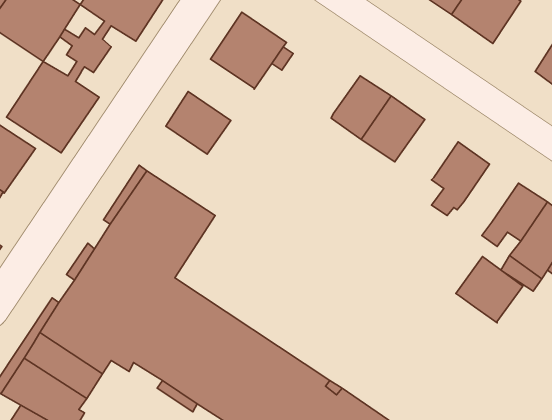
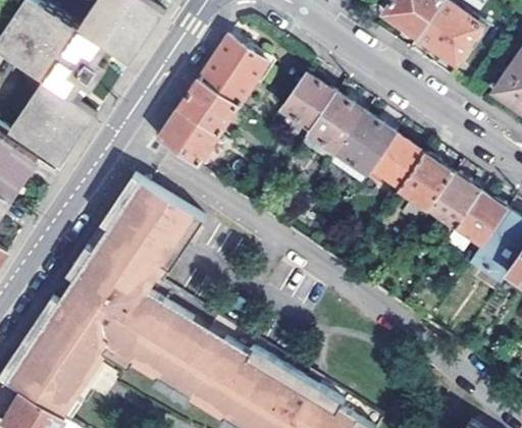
building: none -> [278,72,333,128]
building: none -> [176,78,237,135]
building: none -> [370,133,423,186]
building: none -> [428,174,478,227]
building: [456,257,523,323] -> none

